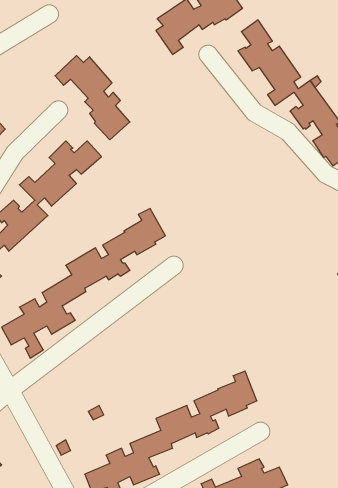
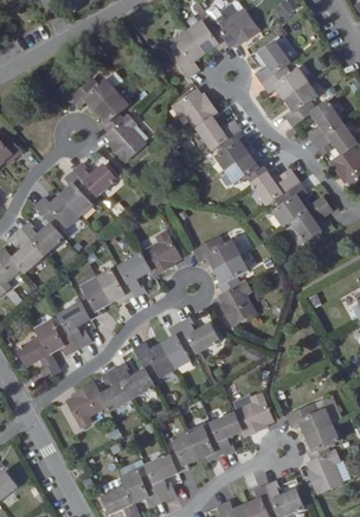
building: none -> [168,88,329,242]
building: none -> [193,234,256,325]
building: none -> [65,315,219,427]
building: none -> [287,402,341,493]

